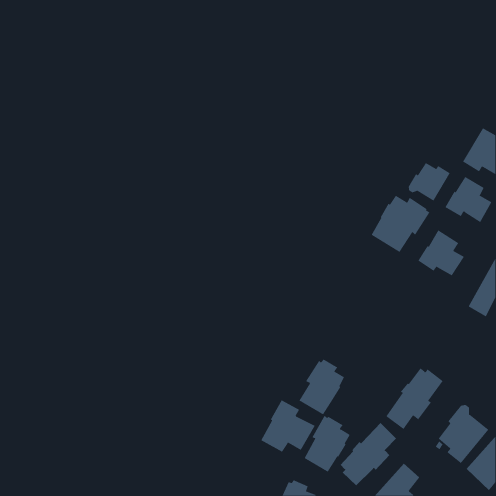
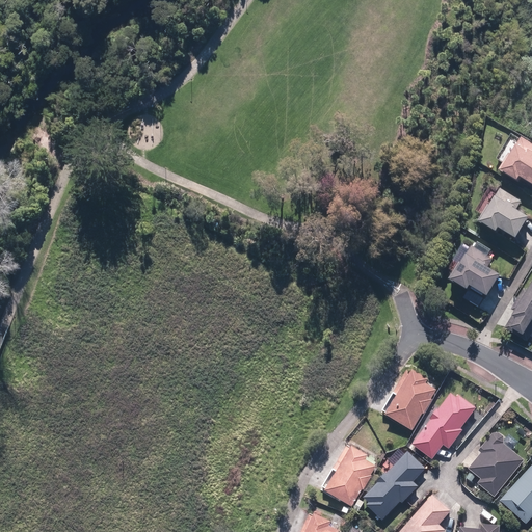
building: [408,162,451,202] -> none
building: [371,195,430,253] -> none
building: [298,359,345,415] -> [384,369,434,429]
building: [261,399,315,453] -> none

